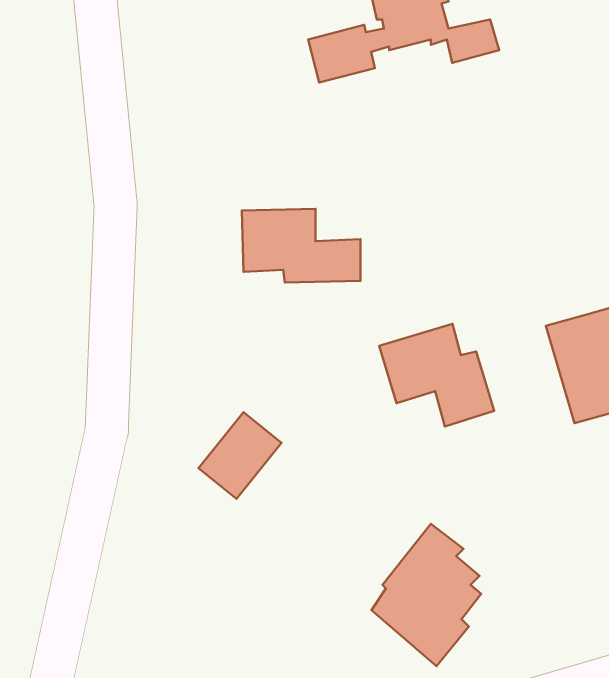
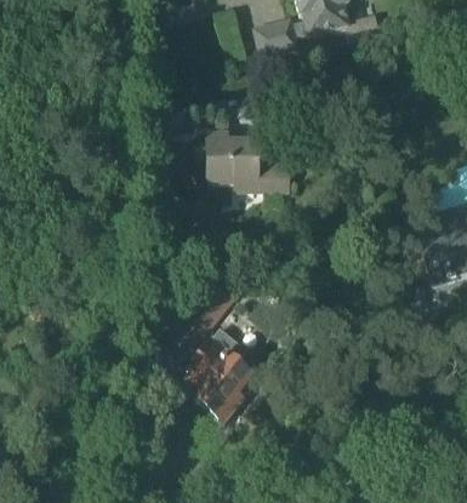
building: [379,324,494,426] -> none
building: [372,524,481,666] -> [181,328,255,424]

